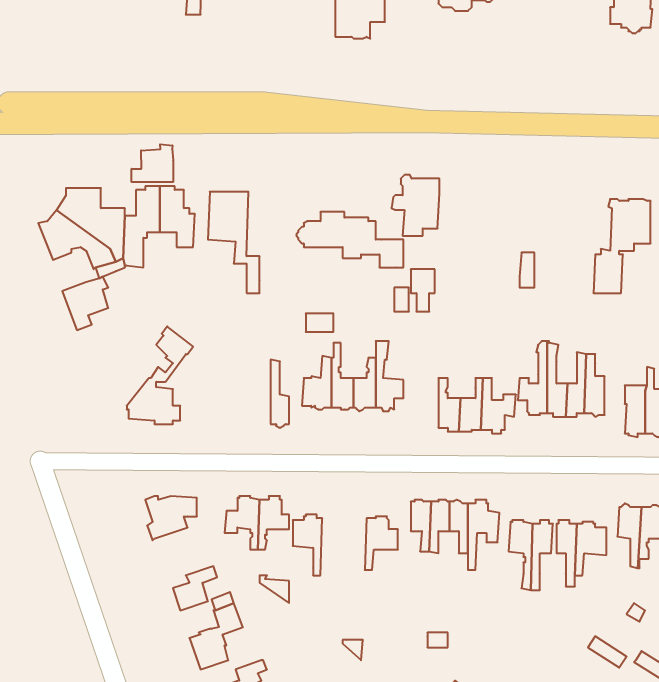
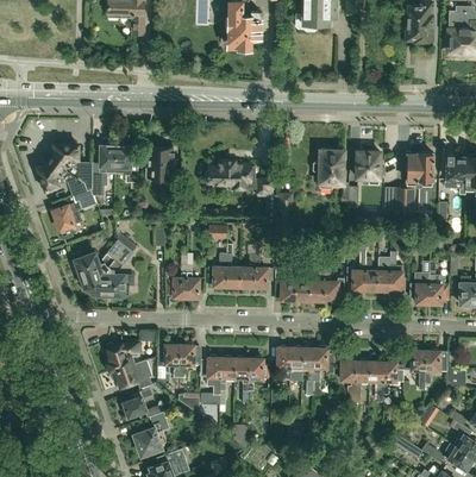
building: [132,144,173,182] -> none
building: [391,175,439,236] -> [312,149,343,188]
building: none -> [356,151,382,186]
building: none -> [70,246,124,297]
building: none -> [167,256,187,299]
building: none -> [275,268,295,301]
building: none -> [219,356,249,413]
building: none -> [112,359,152,389]

